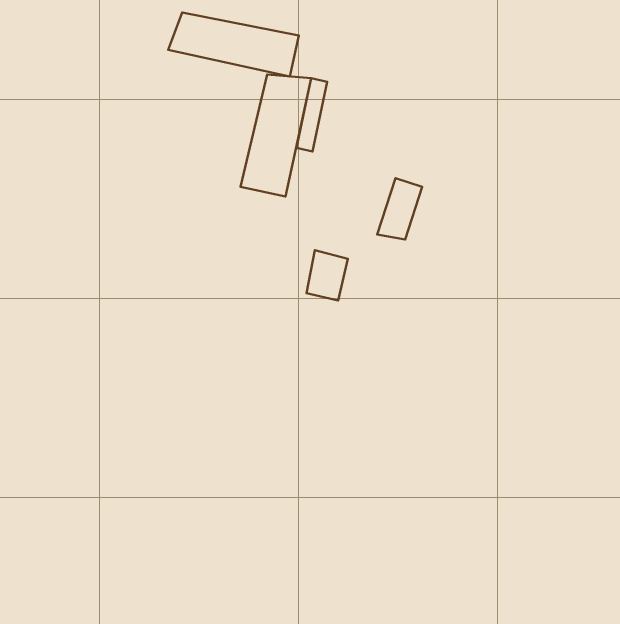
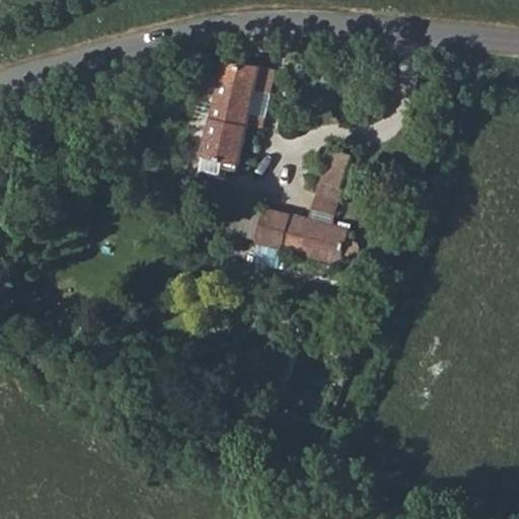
building: [168,12,299,76] -> none
building: none -> [281,215,355,265]

